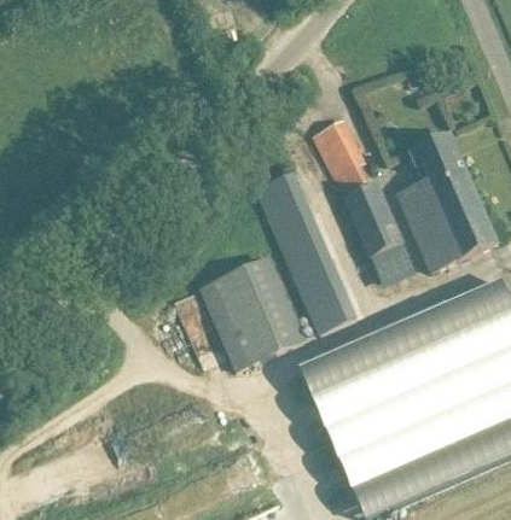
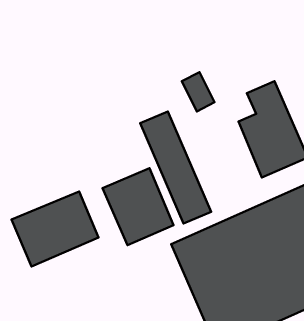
building: [347,182,417,282] -> none
building: none -> [12,191,98,266]

